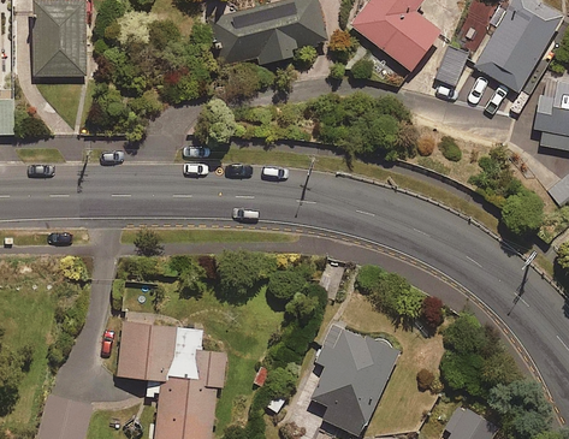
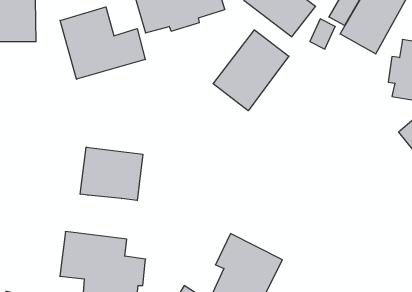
building: none -> [60,7,145,79]
building: none -> [213,30,289,111]
building: none -> [80,147,143,201]

